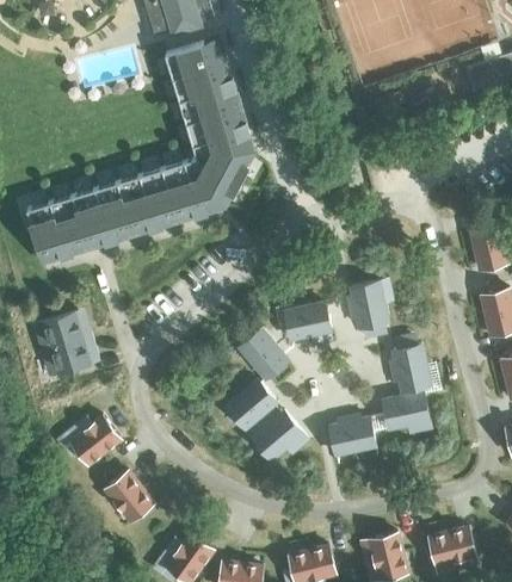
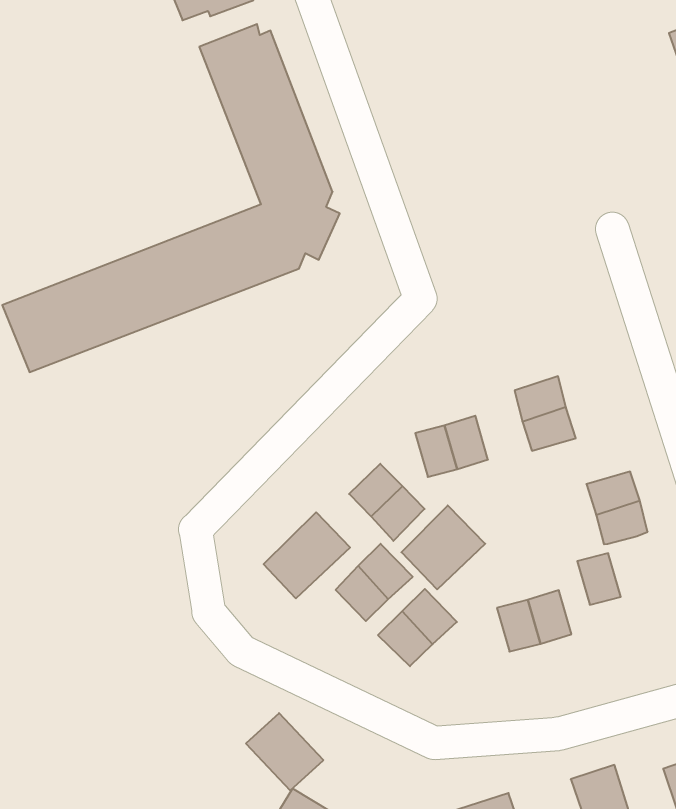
building: [33,315,99,374] -> none
building: none -> [264,512,350,598]
building: none -> [401,505,485,589]
building: [403,389,430,427] -> none
building: [70,417,121,466] -> none
building: [105,472,154,522] -> [246,713,323,790]

